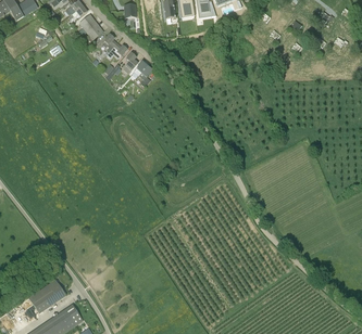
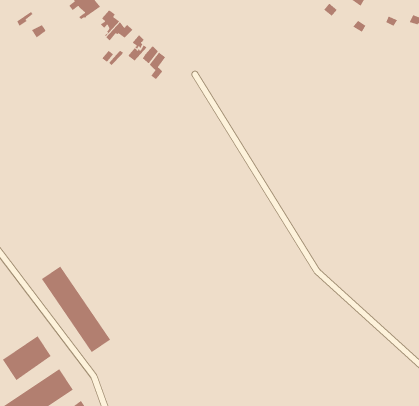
building: none -> [41,266,111,353]

